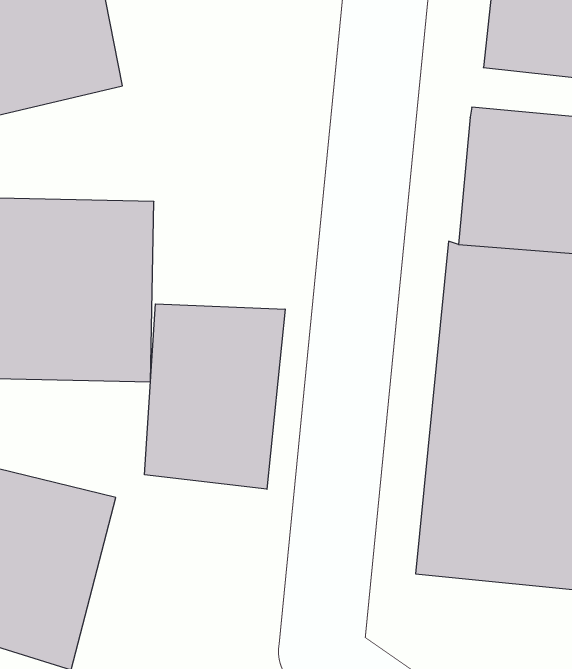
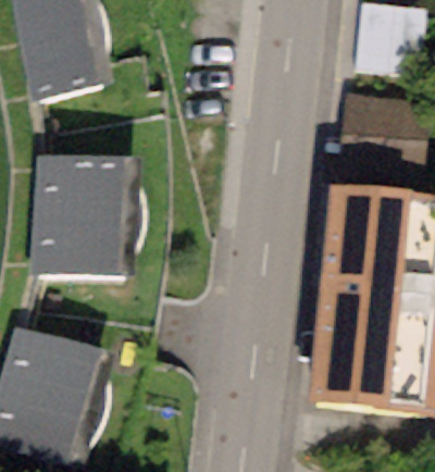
building: [145,304,285,489] -> none

